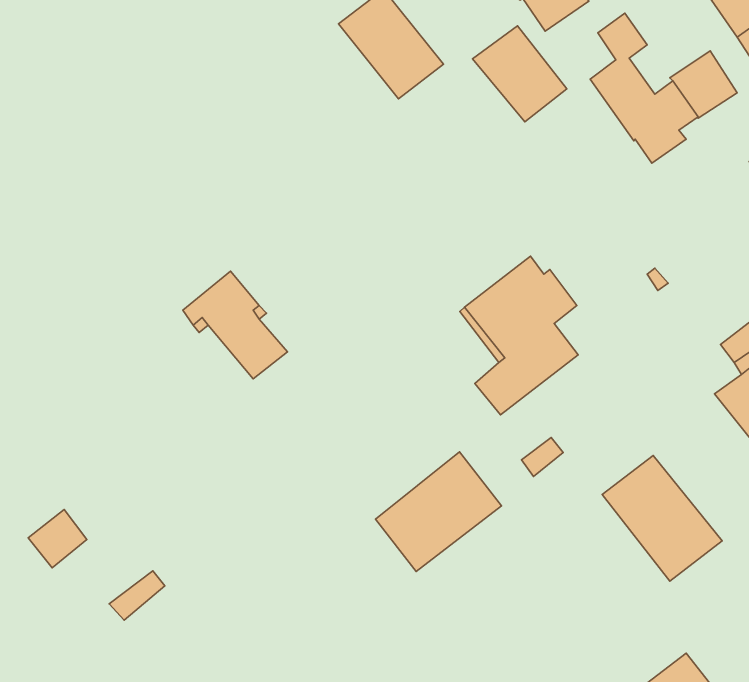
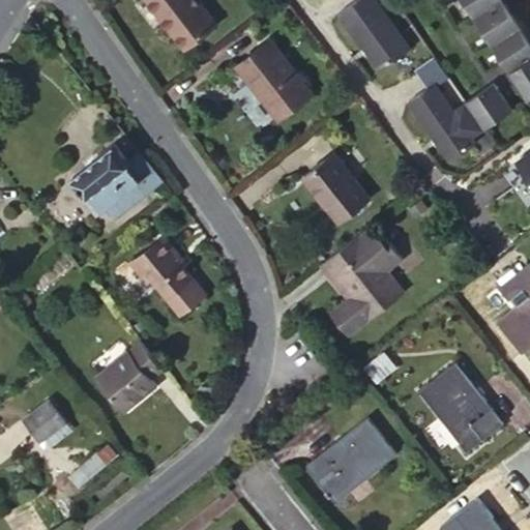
building: [472,26,567,122] -> [302,157,367,224]
building: none -> [70,145,161,218]
building: none -> [95,341,165,413]
building: [376,452,502,572] -> [307,418,394,501]

